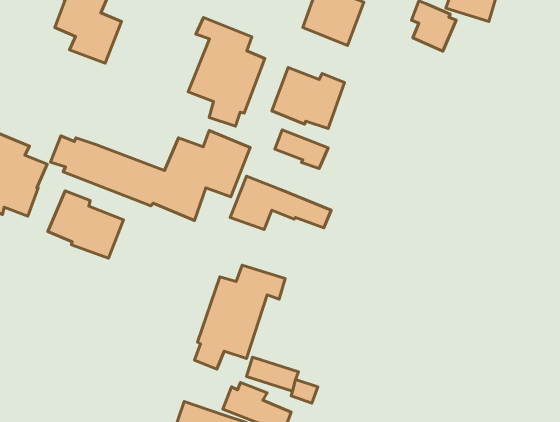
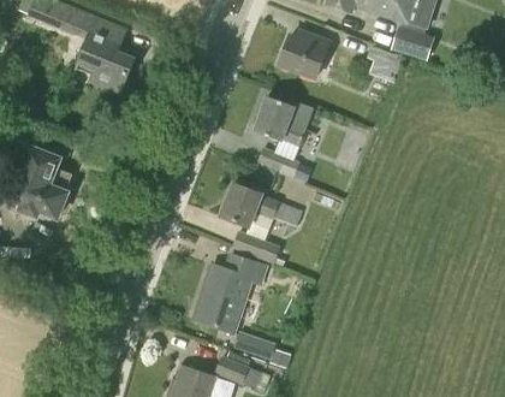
building: [188,17,265,126] -> none
building: [51,130,250,220] -> none
building: [48,191,124,258] -> none
building: none -> [231,229,280,262]

